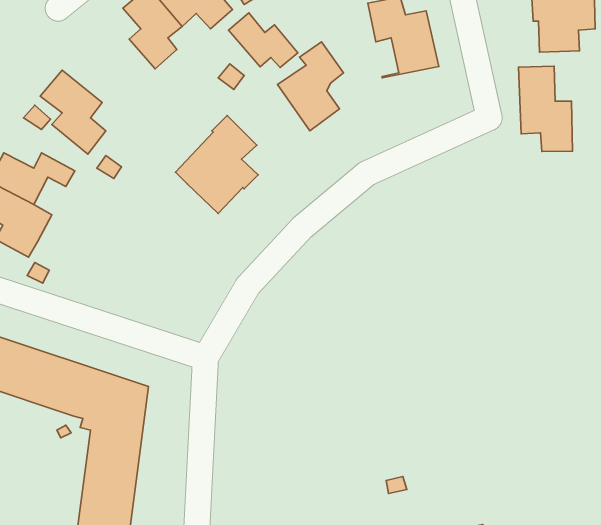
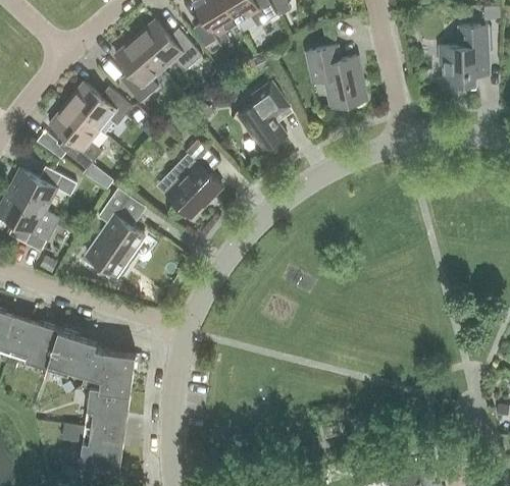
building: [228,13,298,67] -> none
building: none -> [66,83,132,129]
building: [519,66,573,152] -> none
building: none -> [87,188,145,276]

